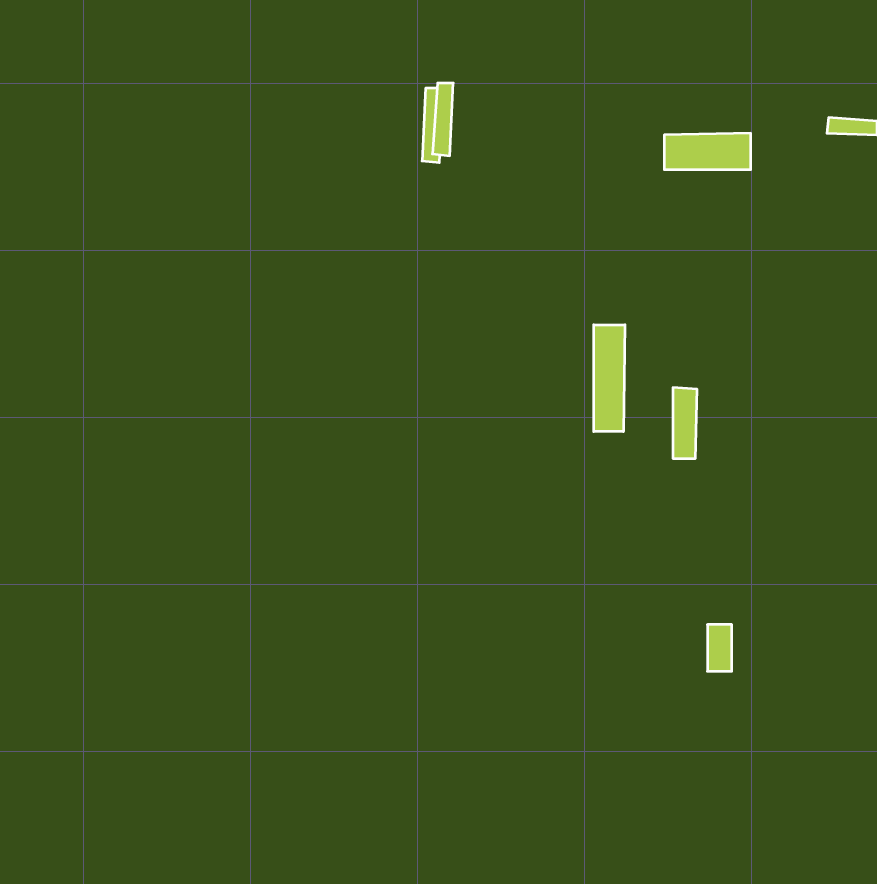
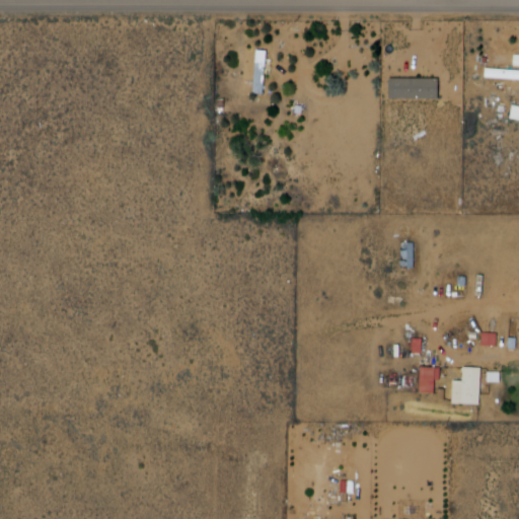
building: [594,325,625,432] -> none
building: none -> [453,368,479,404]

